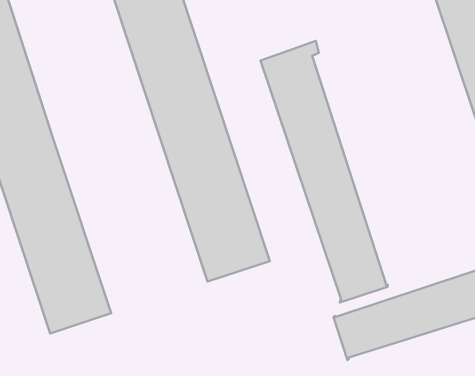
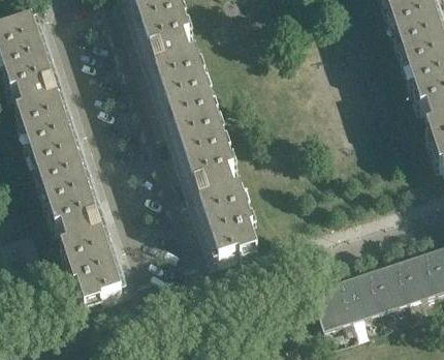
building: [261,41,388,303] -> none

